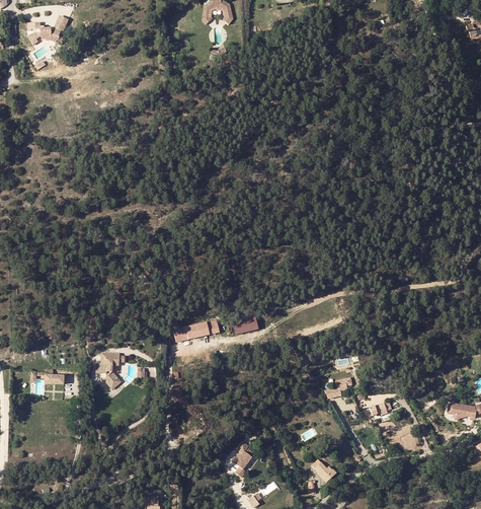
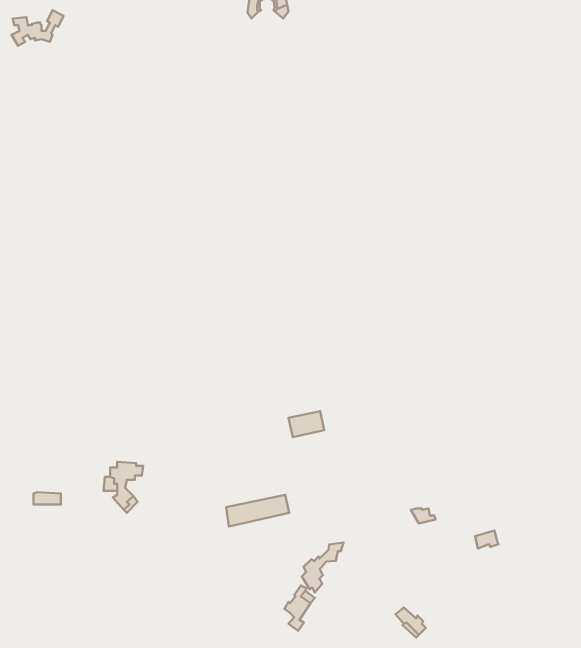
building: [174,318,221,342] -> [226,495,289,527]
building: none -> [302,543,343,593]

